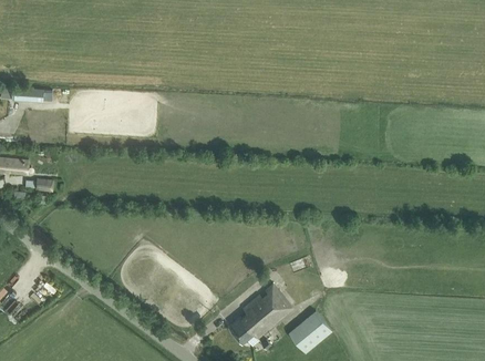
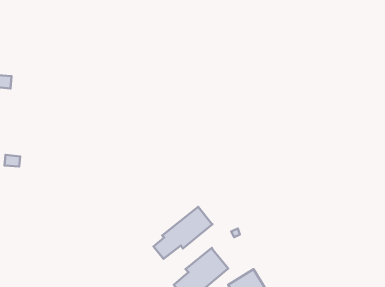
building: none -> [153,207,213,259]

